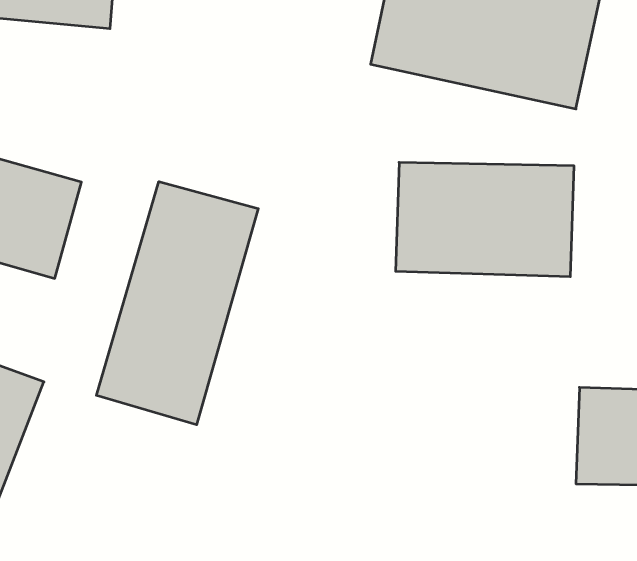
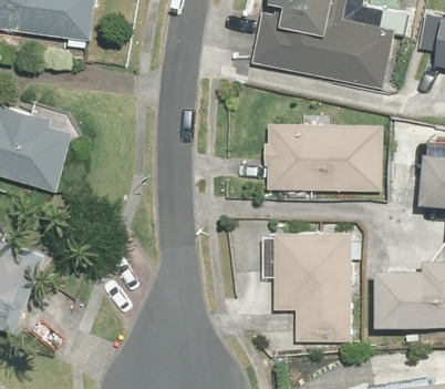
building: [96,182,258,425] -> none
building: none -> [276,233,350,342]

